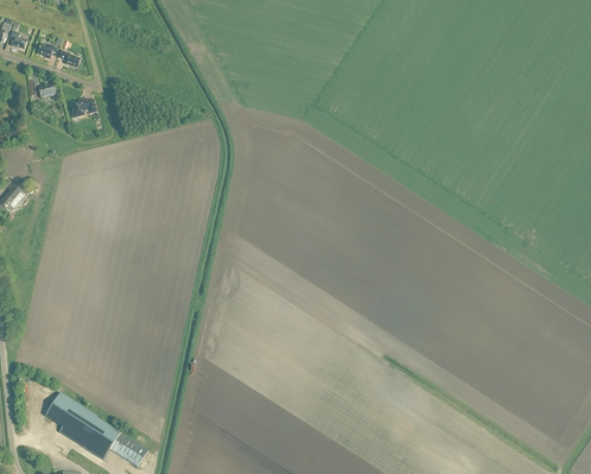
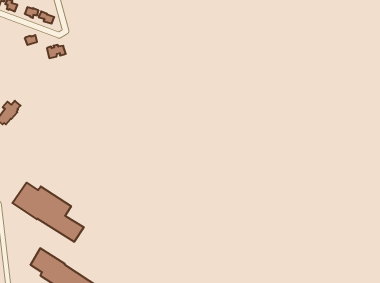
building: none -> [12,183,84,242]

